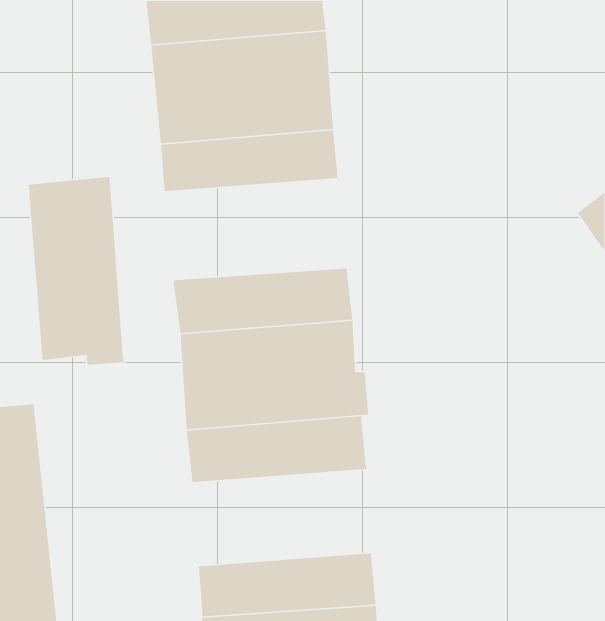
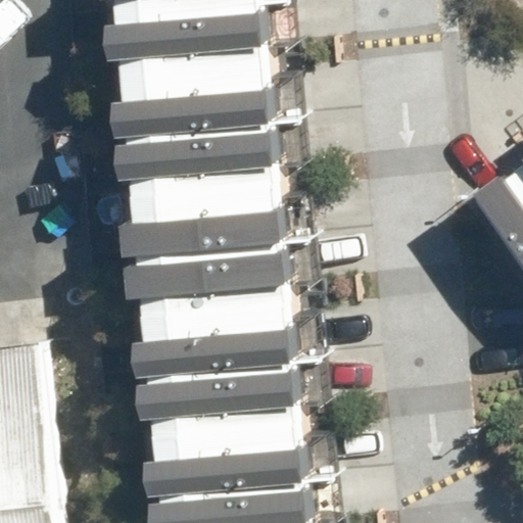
building: [28,176,125,365] -> none
building: none -> [137,152,296,237]
building: none -> [160,395,320,476]

